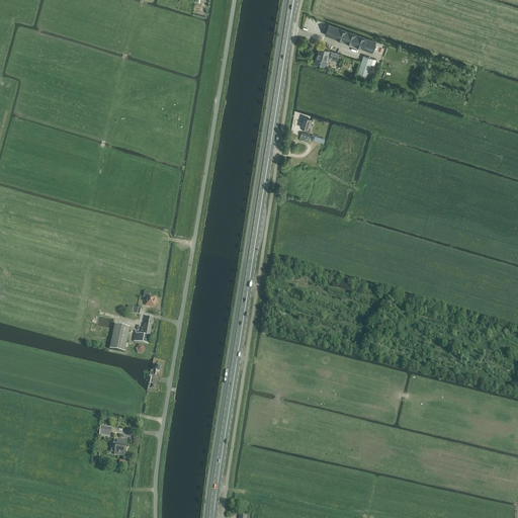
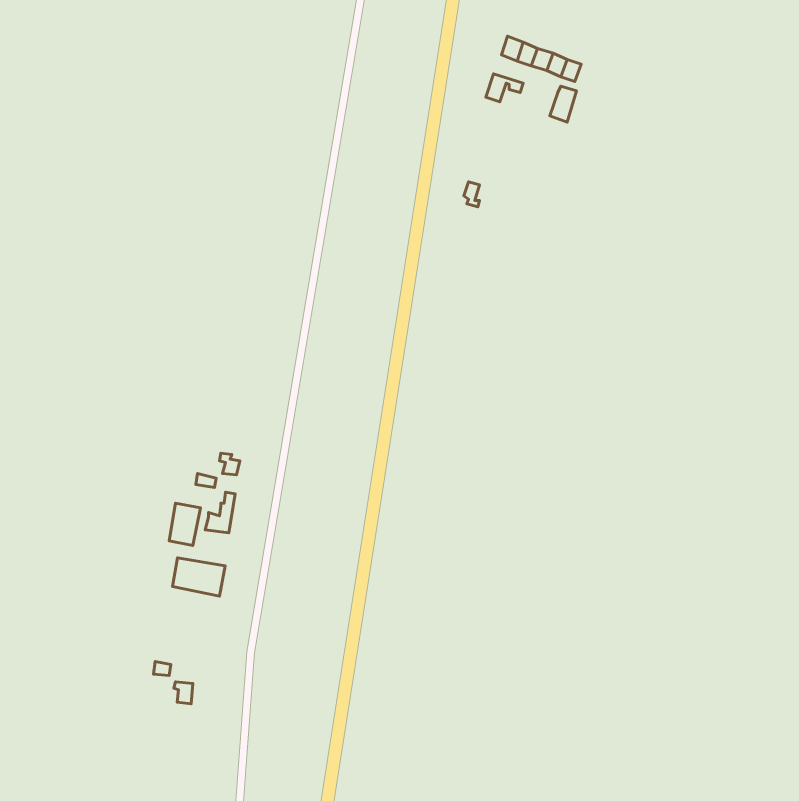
building: none -> [172,558,225,596]

